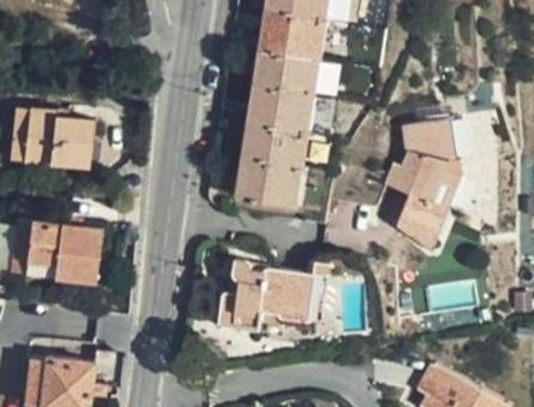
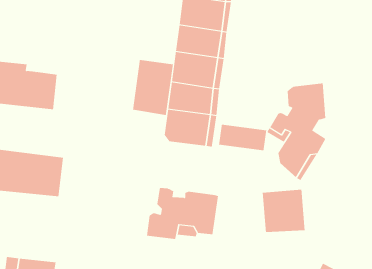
building: none -> [133,59,173,116]
building: none -> [218,124,267,151]
building: none -> [262,189,305,233]

